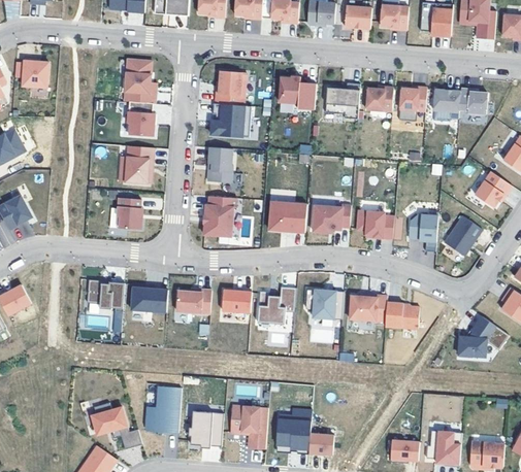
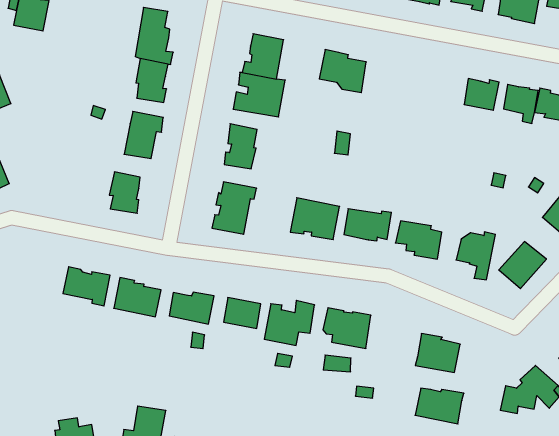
building: [324,81,359,117] -> none
building: [365,86,392,110] -> none
building: [349,294,387,321] -> [415,388,464,424]

